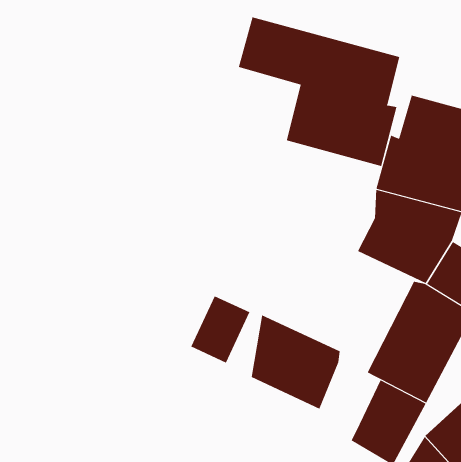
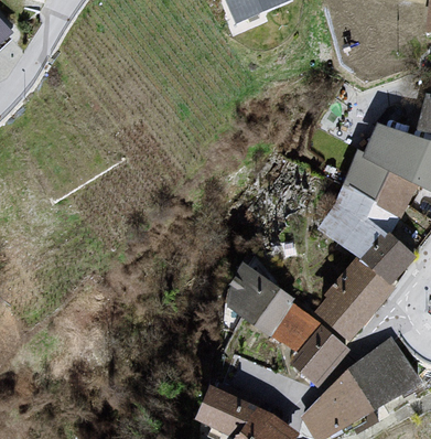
building: [238,17,400,167] -> none
building: [191,295,250,363] -> none
building: none -> [271,307,319,354]

